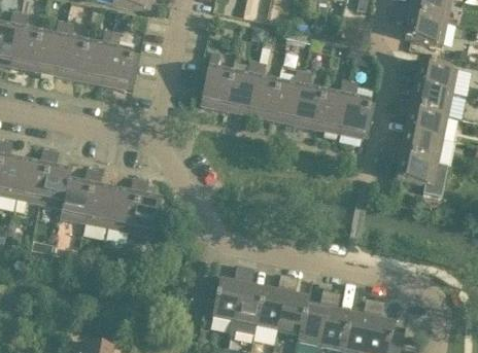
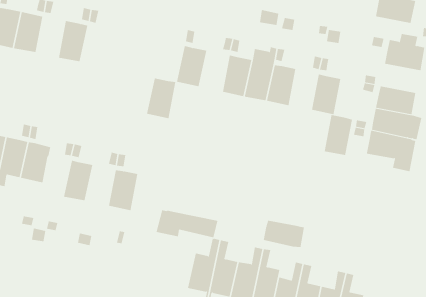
building: [56,37,86,79] -> none
building: [101,46,133,89] -> none
building: [224,72,254,114] -> [146,78,176,119]
building: [410,85,452,115] -> none
building: [316,91,346,133] -> [324,114,353,155]
building: [60,180,92,222] -> none
building: [106,189,137,232] -> none
building: none -> [156,209,218,238]
building: none -> [263,220,305,248]

